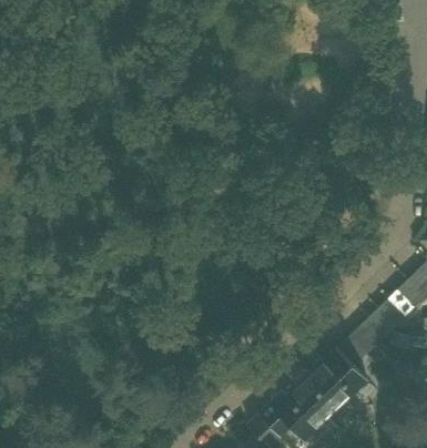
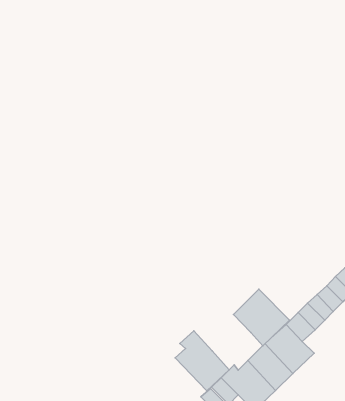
building: none -> [233,289,289,346]
building: none -> [175,331,229,391]

